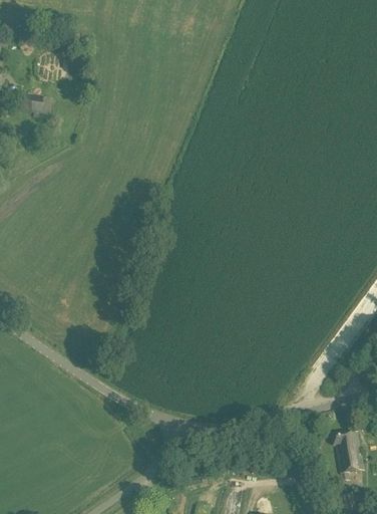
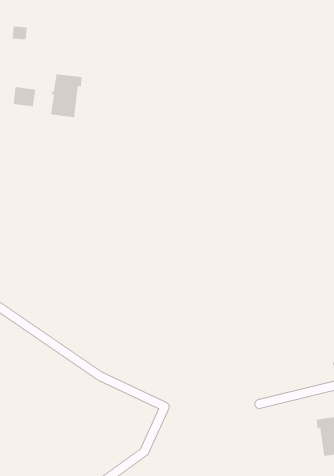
building: none -> [51,73,82,118]

